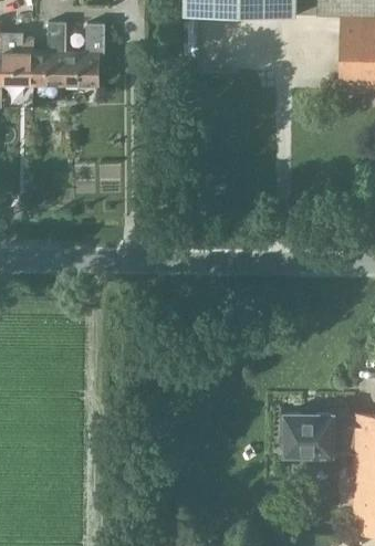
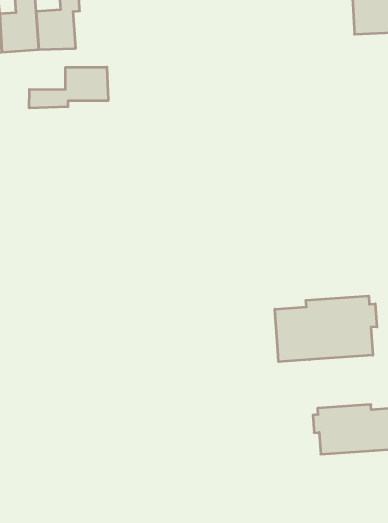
building: none -> [29,67,108,108]
building: none -> [275,296,377,362]

